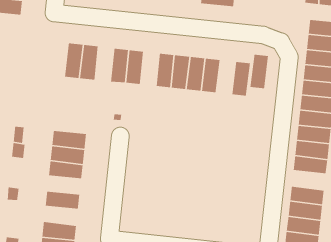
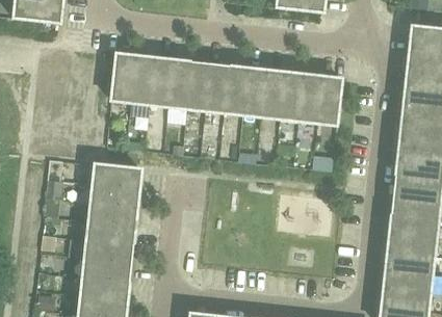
building: none -> [149,59,172,104]
building: none -> [205,65,228,109]
building: [250,54,269,89] -> [298,76,322,120]
building: none -> [391,213,435,237]
building: none -> [88,219,132,242]
building: none -> [84,257,128,281]

